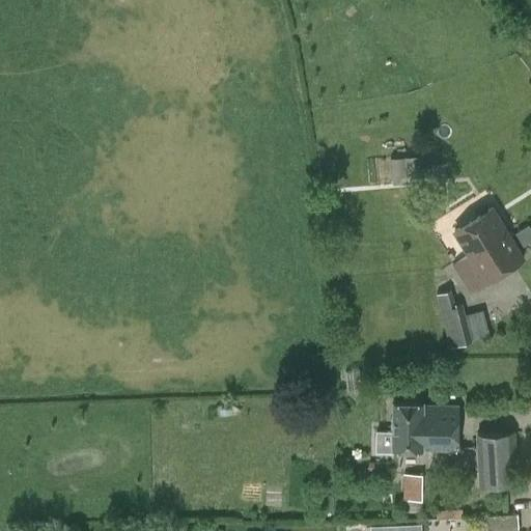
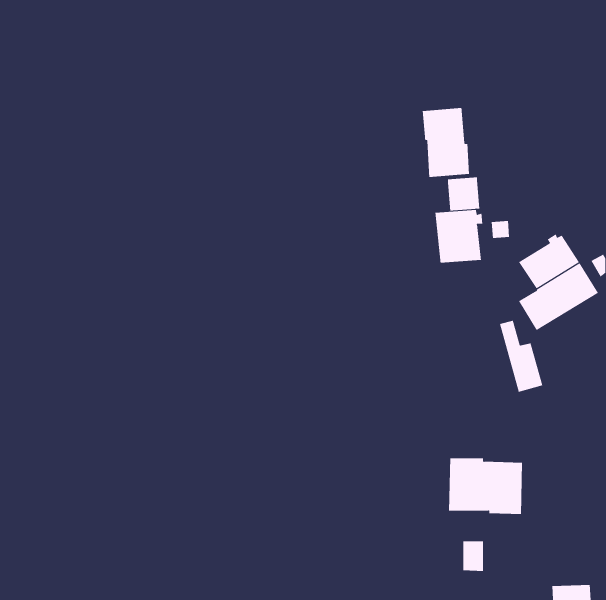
building: none -> [422,107,470,178]
building: none -> [435,209,483,264]
building: [476,435,515,487] -> none

